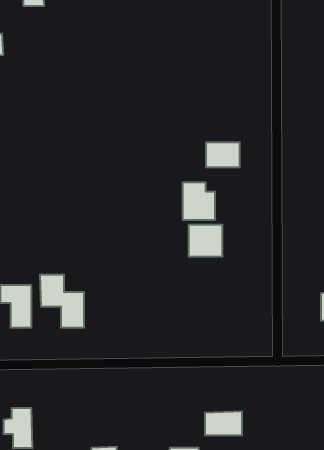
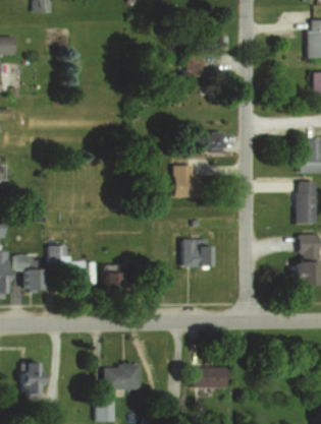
building: [189,225,223,257] -> [182,240,212,267]
building: none -> [104,270,128,294]
building: none -> [103,362,140,387]

